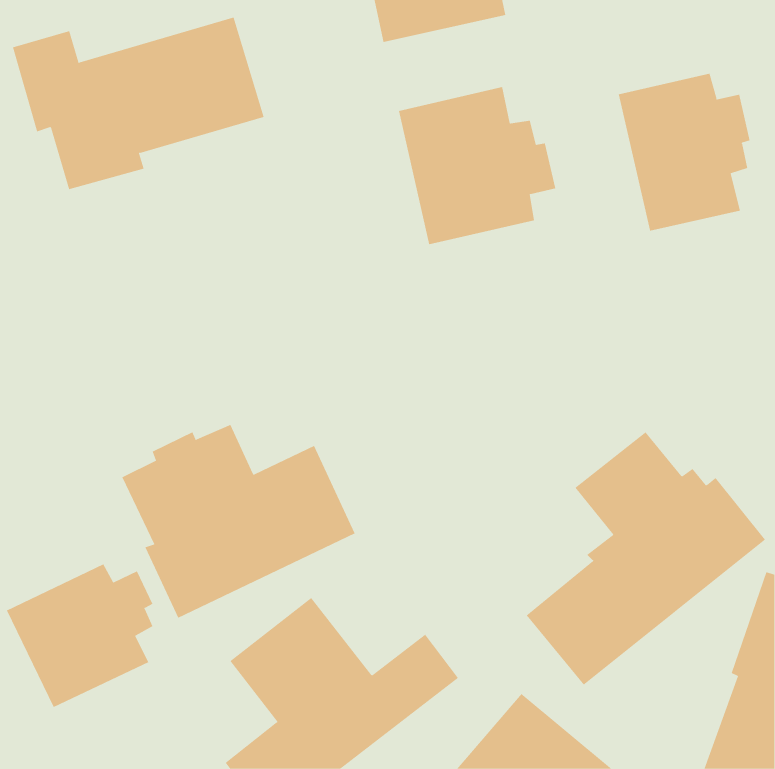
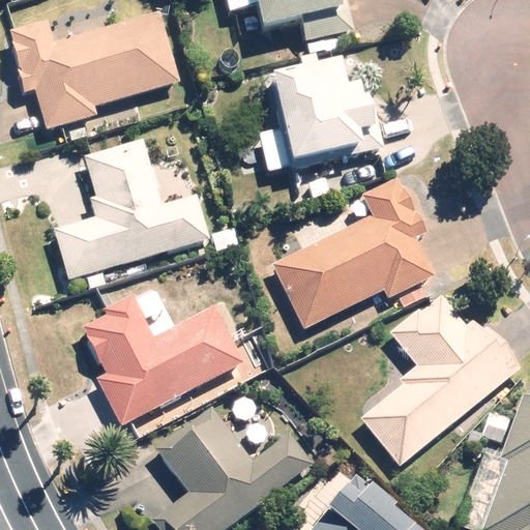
building: [618,73,750,231] -> none
building: none -> [57,138,210,277]
building: none -> [276,177,433,326]
building: [6,564,153,708] -> none

